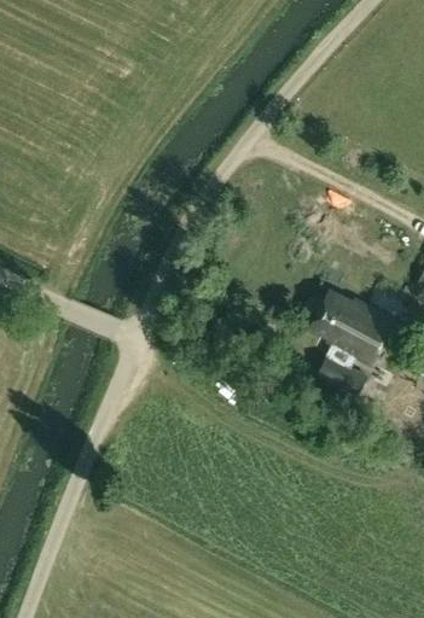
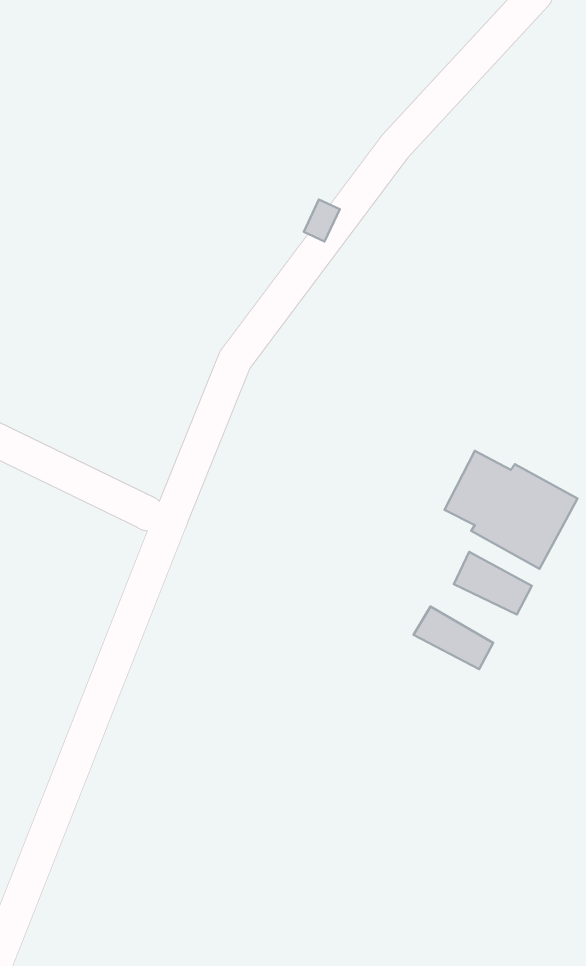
building: none -> [414,607,493,669]

